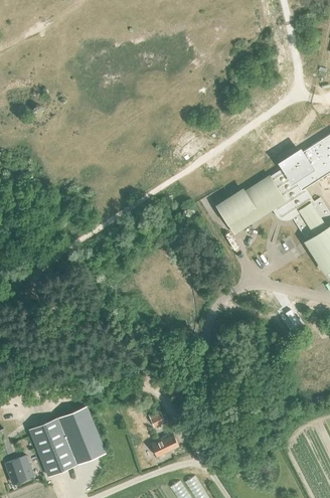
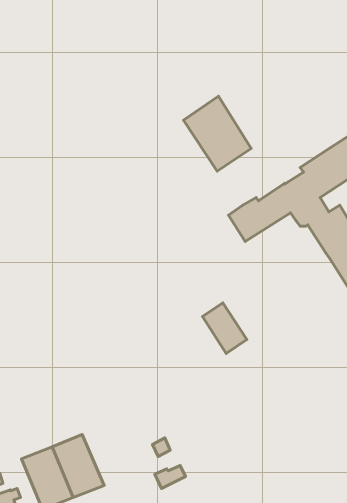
building: none -> [183,96,251,171]
building: none -> [202,303,247,354]

